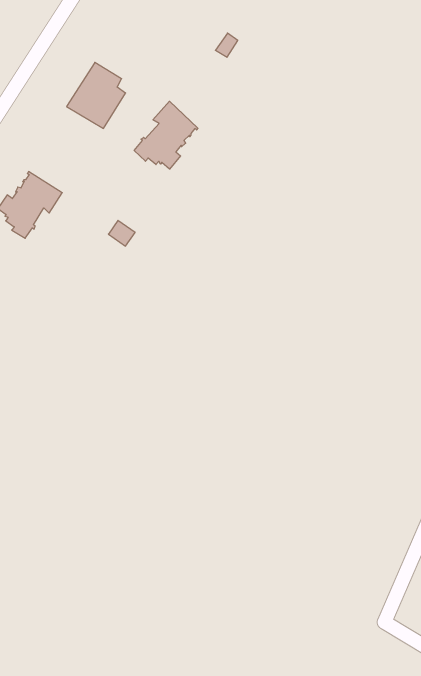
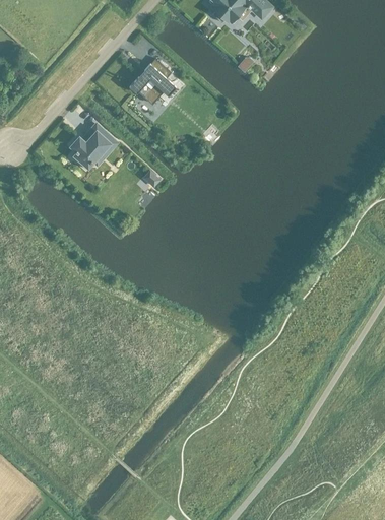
building: [134,101,198,169] -> none

